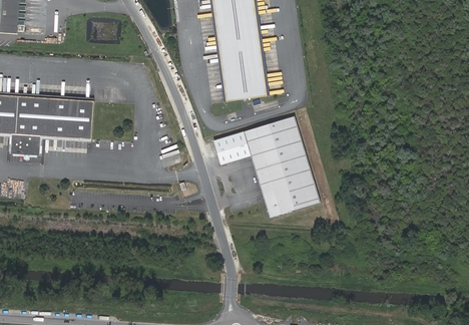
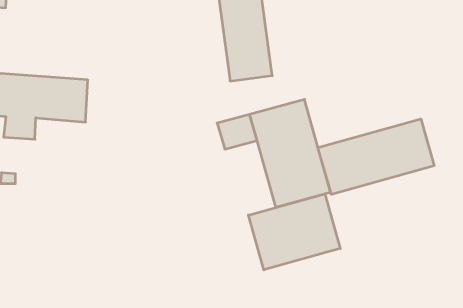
building: none -> [318,119,434,194]
building: none -> [248,194,340,270]

